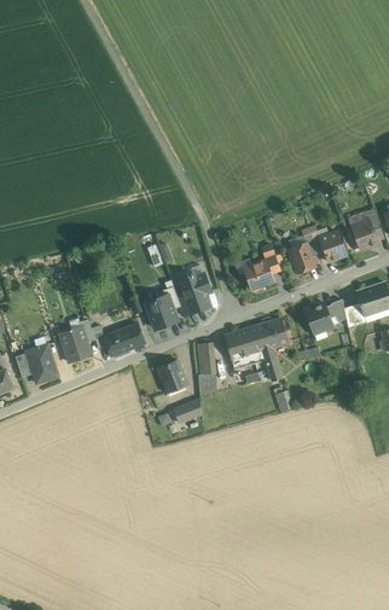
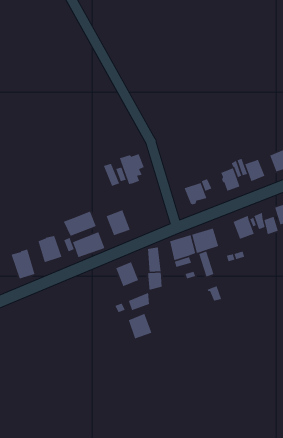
building: [178,273,210,313] -> [119,153,145,185]
building: none -> [63,211,97,237]
building: none -> [128,313,152,339]

